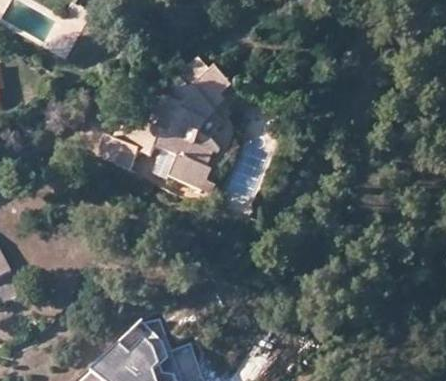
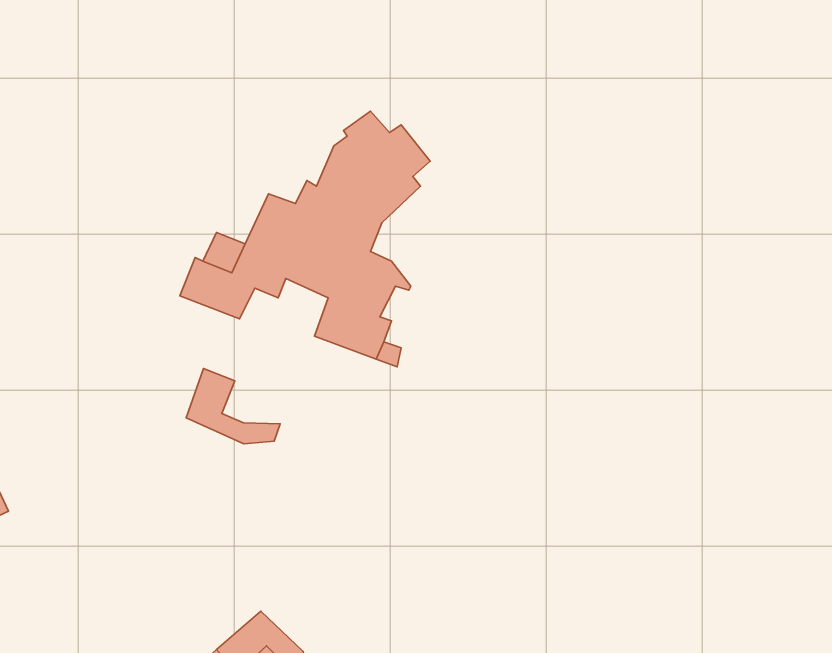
building: none -> [186,369,280,444]

